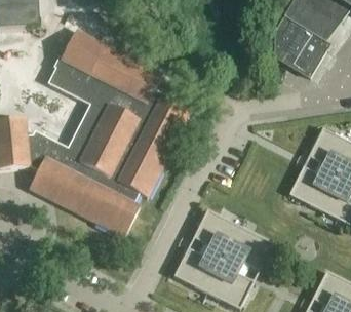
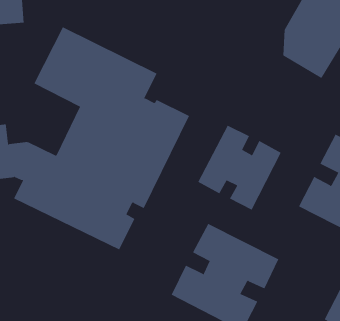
building: none -> [197,125,281,210]

